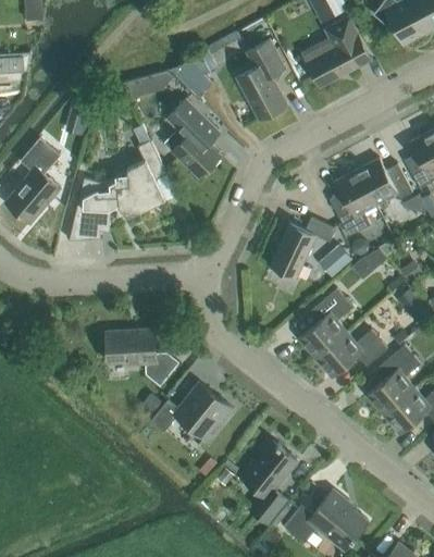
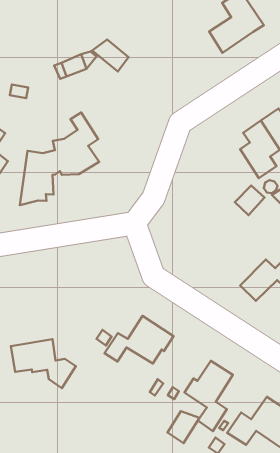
building: [236,40,287,120] -> none
building: [163,99,221,178] -> none
building: [269,218,335,278] -> none
building: [298,288,352,358] -> none
building: [106,329,178,386] -> [11,339,76,388]
building: none -> [168,411,199,443]

